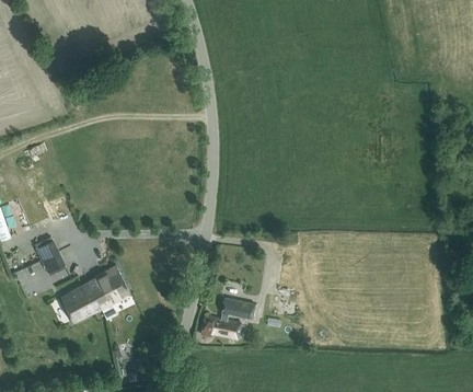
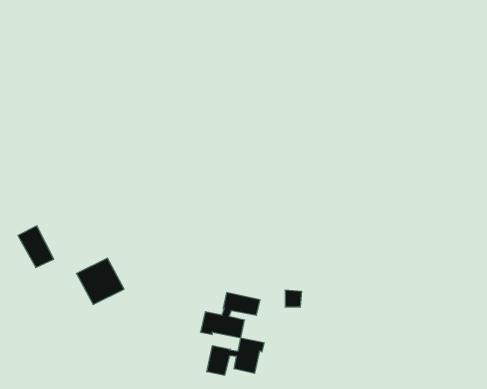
building: [59,280,102,323] -> none
building: none -> [207,338,264,375]

